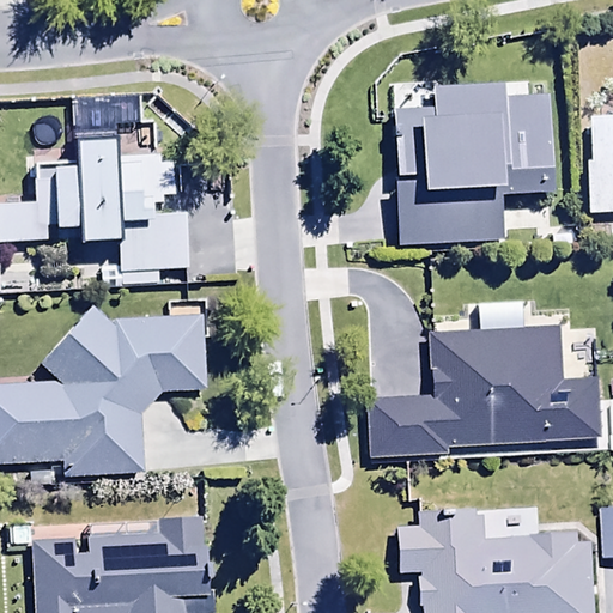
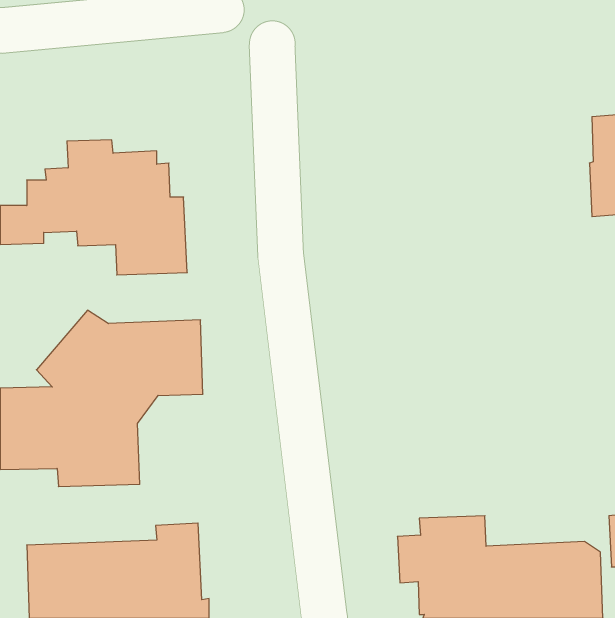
building: [395,81,552,244] -> none
building: [366,328,607,457] -> none

